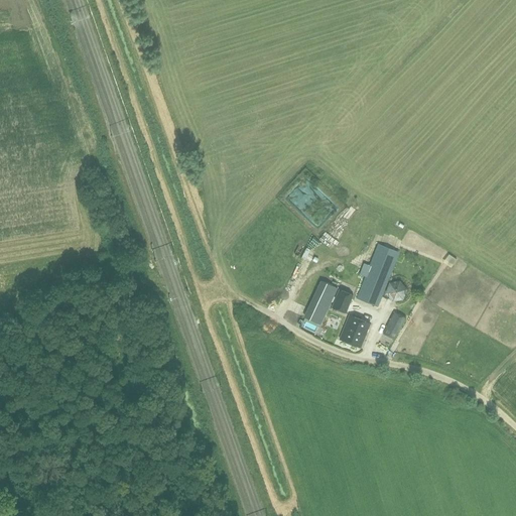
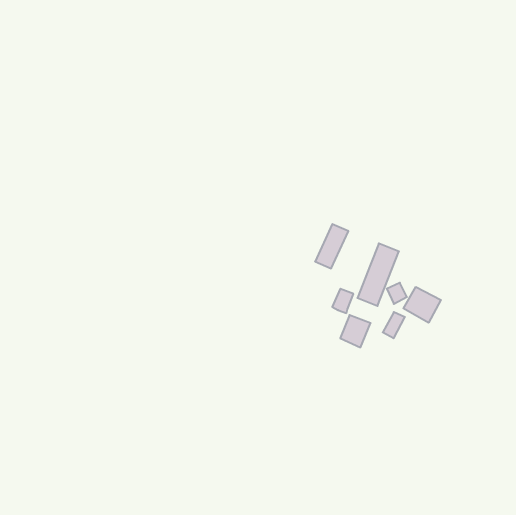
building: [303,279,337,324] -> [315,224,348,268]
building: none -> [403,287,441,323]

